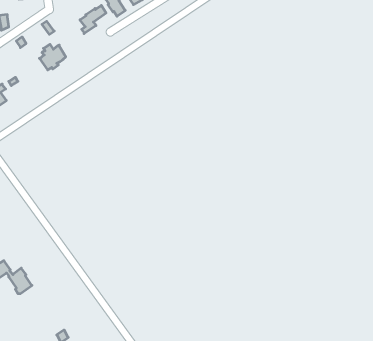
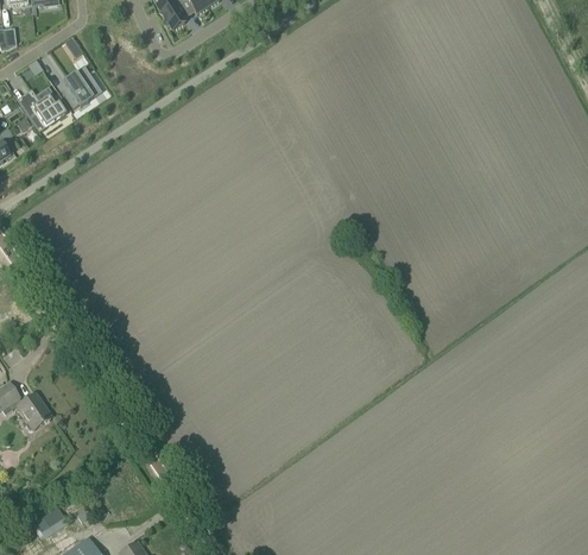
building: [80,5,106,34] -> none
building: none -> [17,93,61,132]

